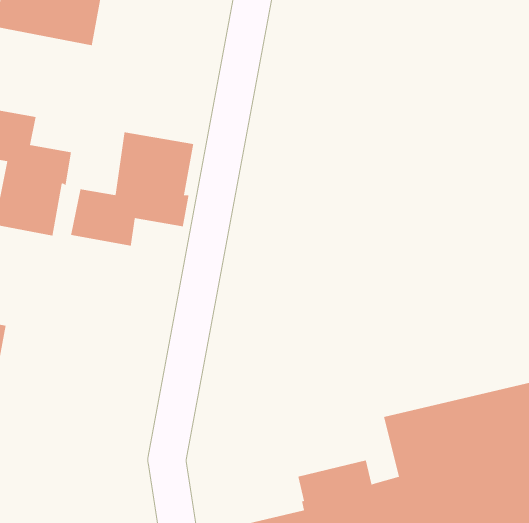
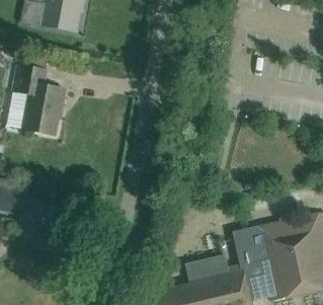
building: [70,132,194,246] -> none

